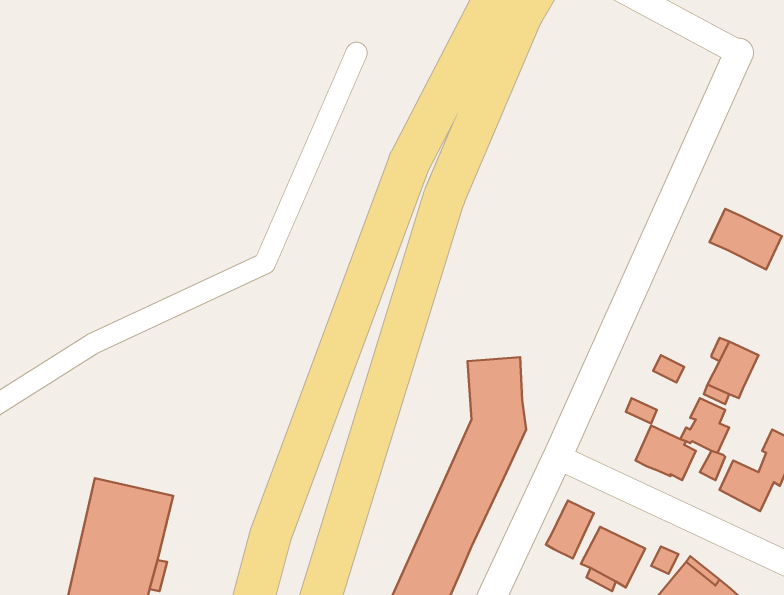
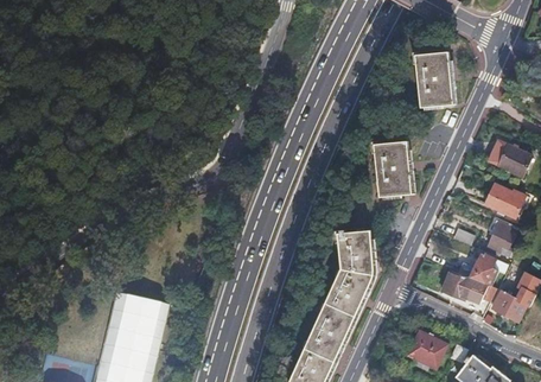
building: none -> [418,52,454,107]
building: none -> [376,141,413,196]
building: none -> [483,186,527,221]
building: [546,500,594,559] -> none

